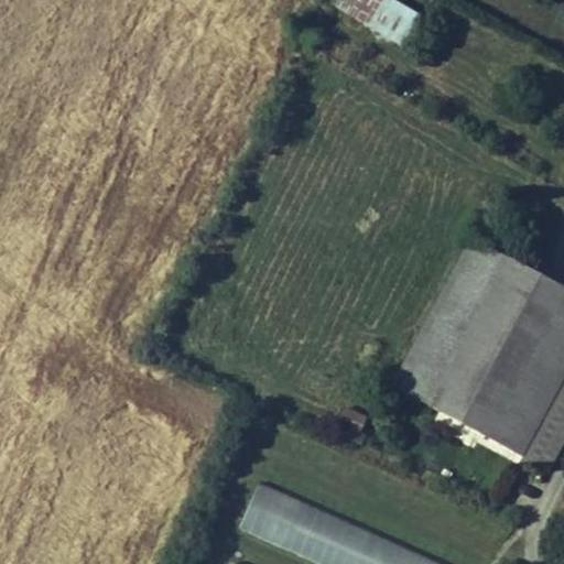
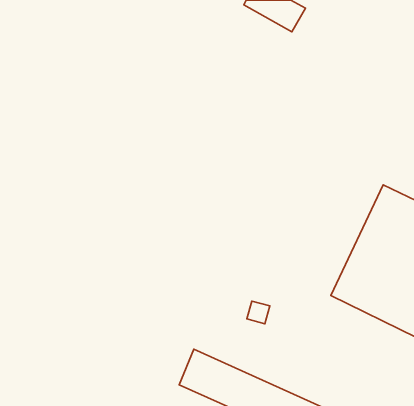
building: [398,239,521,413] -> none

